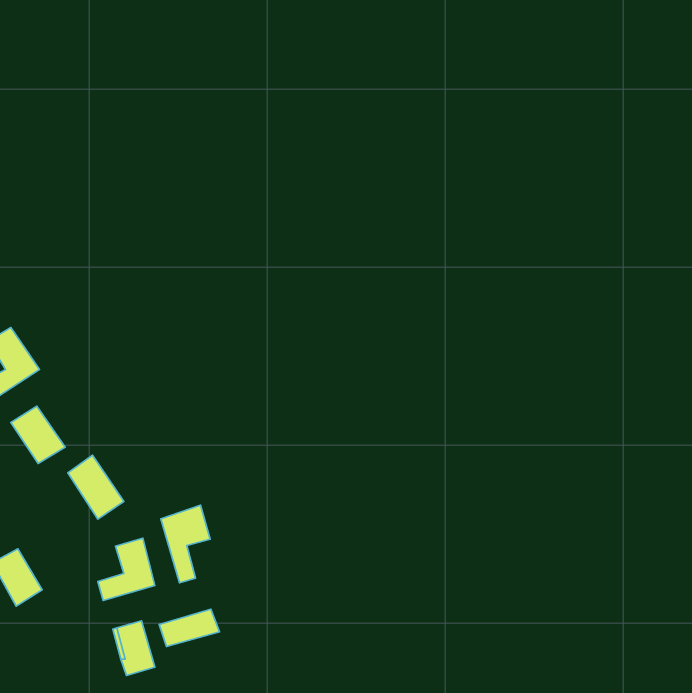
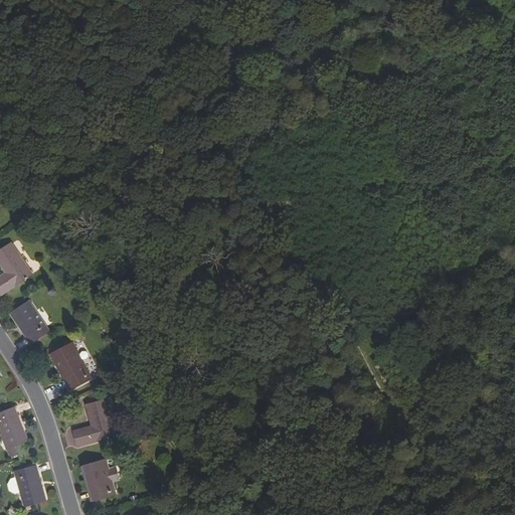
building: [161,505,210,583] -> none
building: [159,609,219,647] -> none
building: none -> [6,467,43,507]

